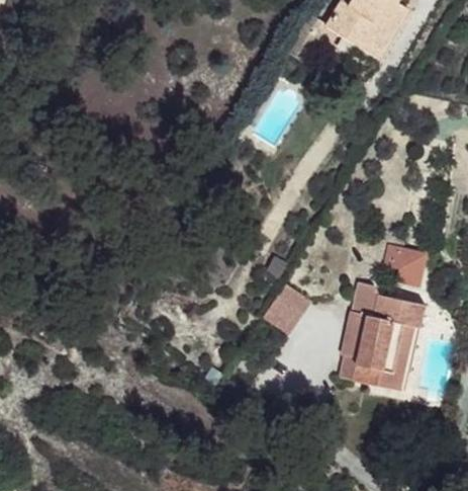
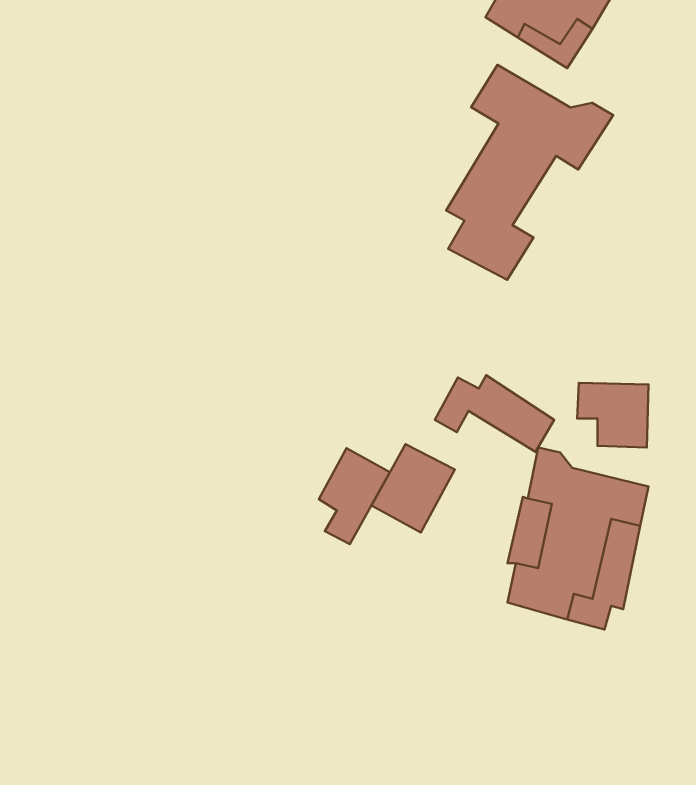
building: none -> [446,65,613,280]
building: none -> [435,375,554,452]
building: none -> [319,448,390,544]

